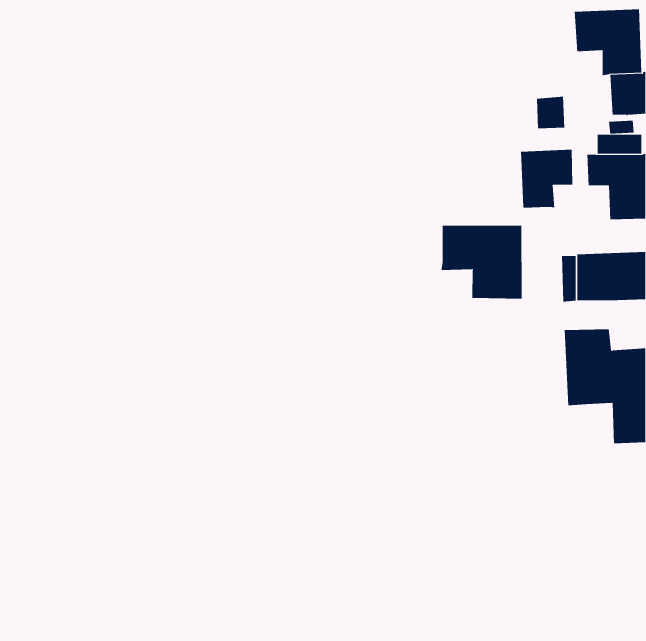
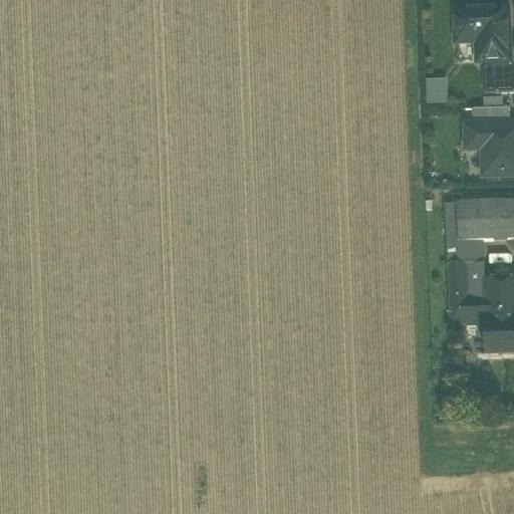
building: [521,149,573,209] -> none
building: [441,225,522,300] -> none
building: none -> [447,239,484,262]

